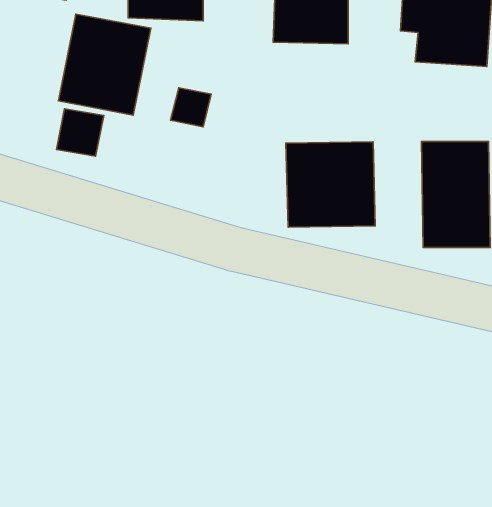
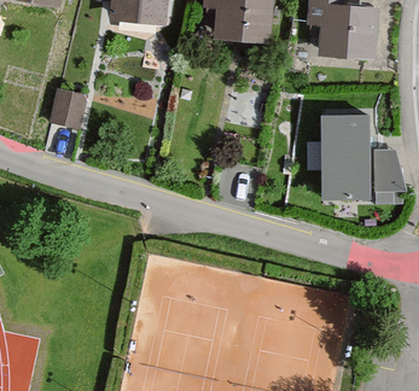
building: [58,14,151,115] -> none
building: [286,142,375,227] -> none

